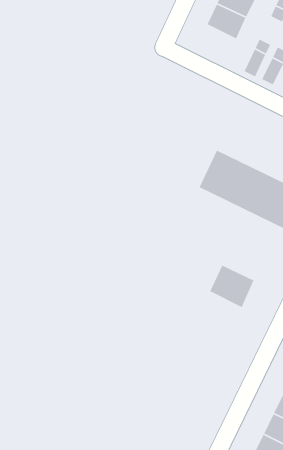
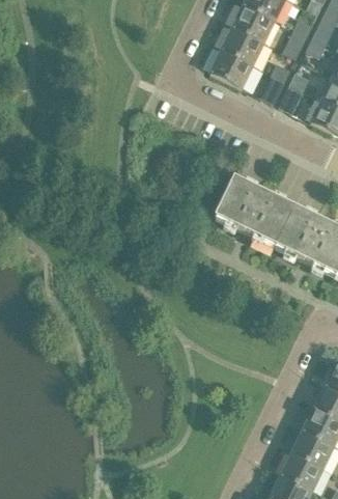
building: none -> [212,47,254,85]
building: [209,265,254,308] -> none

